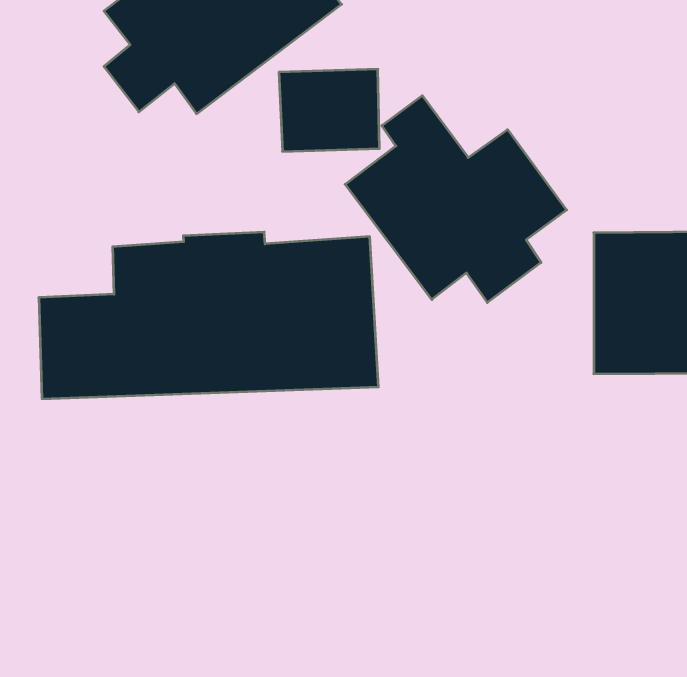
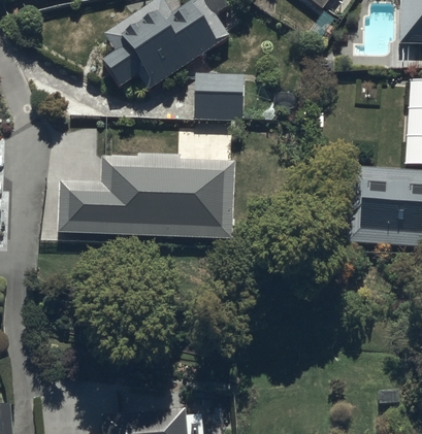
building: [345,96,567,303] -> none

